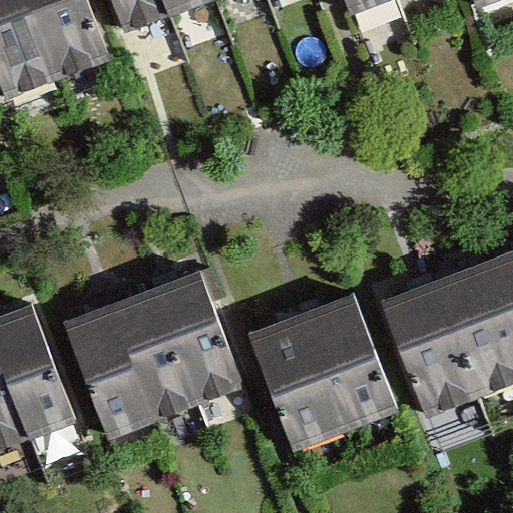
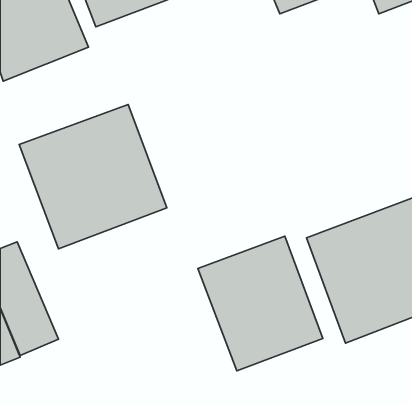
building: none -> [19,104,167,249]
building: [61,268,246,449] -> none

